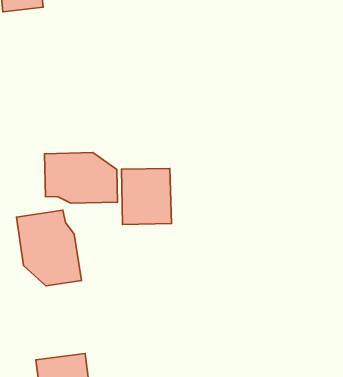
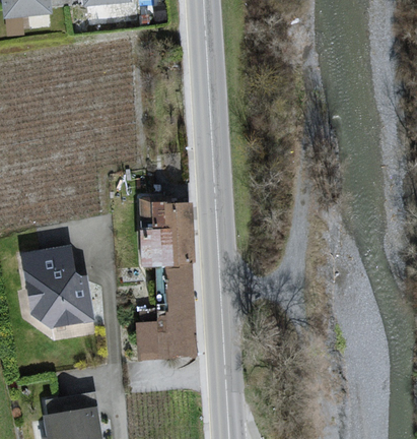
building: [45,153,118,203] -> none
building: none -> [138,266,195,358]

